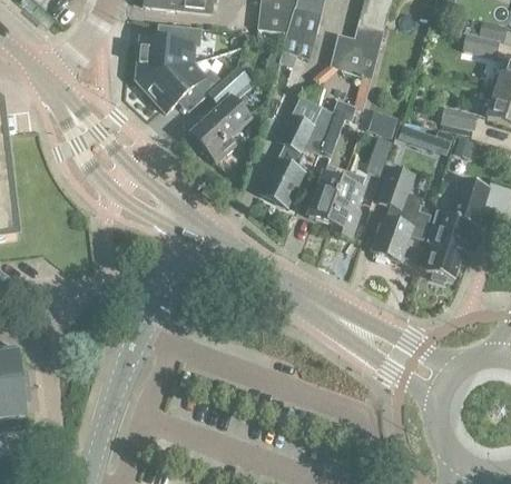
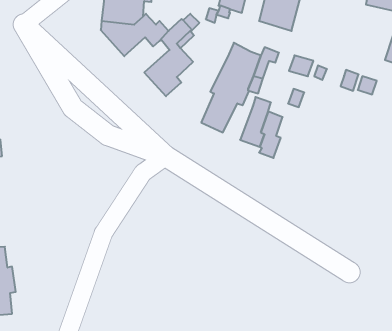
building: [441,105,479,129] -> none
building: [373,165,423,261] -> none
building: [425,176,490,280] -> none

